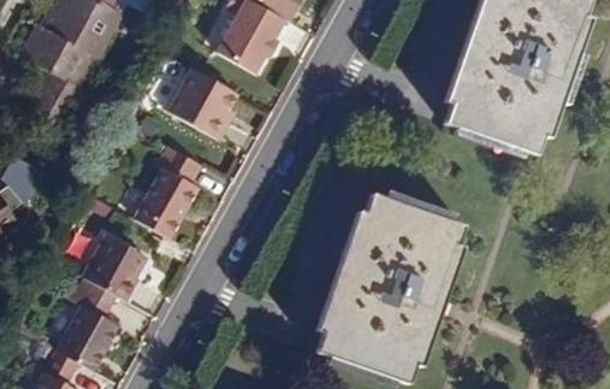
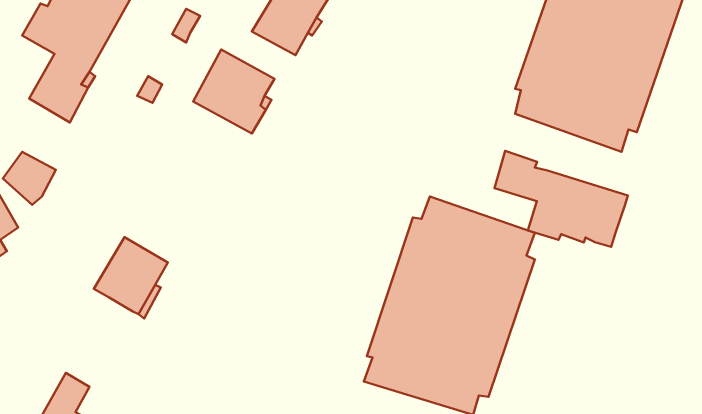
building: [136,147,202,237] -> none
building: none -> [494,151,628,247]
building: [59,281,122,367] -> none

